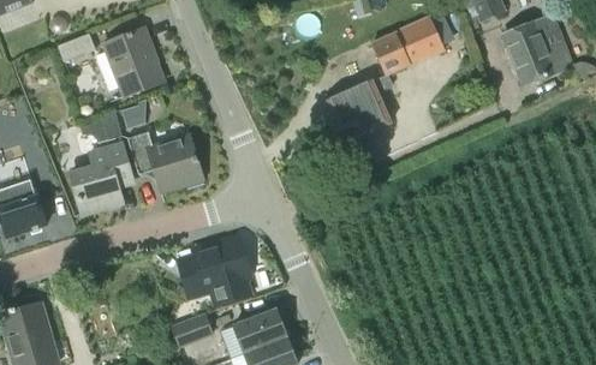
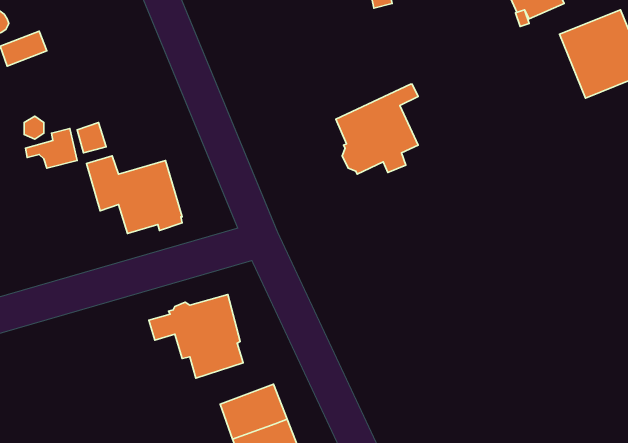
building: [370,17,442,73] -> none
building: [105,26,166,95] -> none
building: [70,143,131,215] -> none
building: [171,313,211,346] -> none

